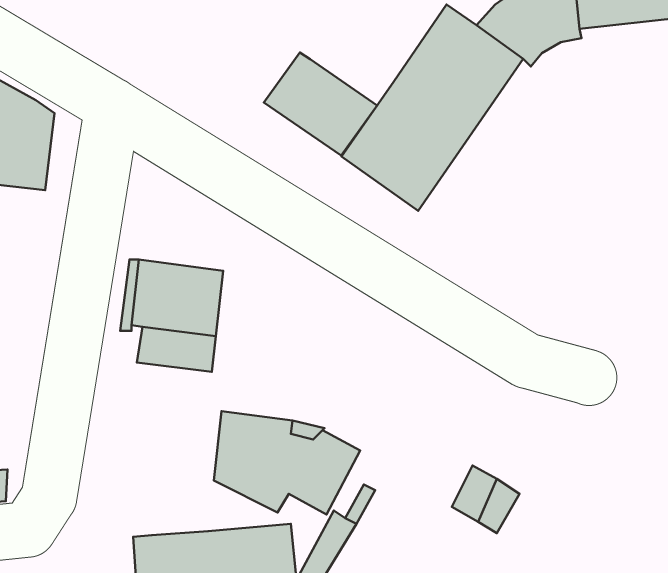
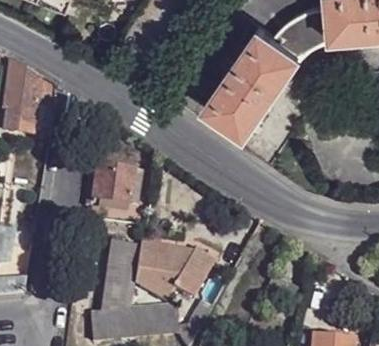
building: [264,52,377,156] -> none
building: none -> [103,238,140,307]

